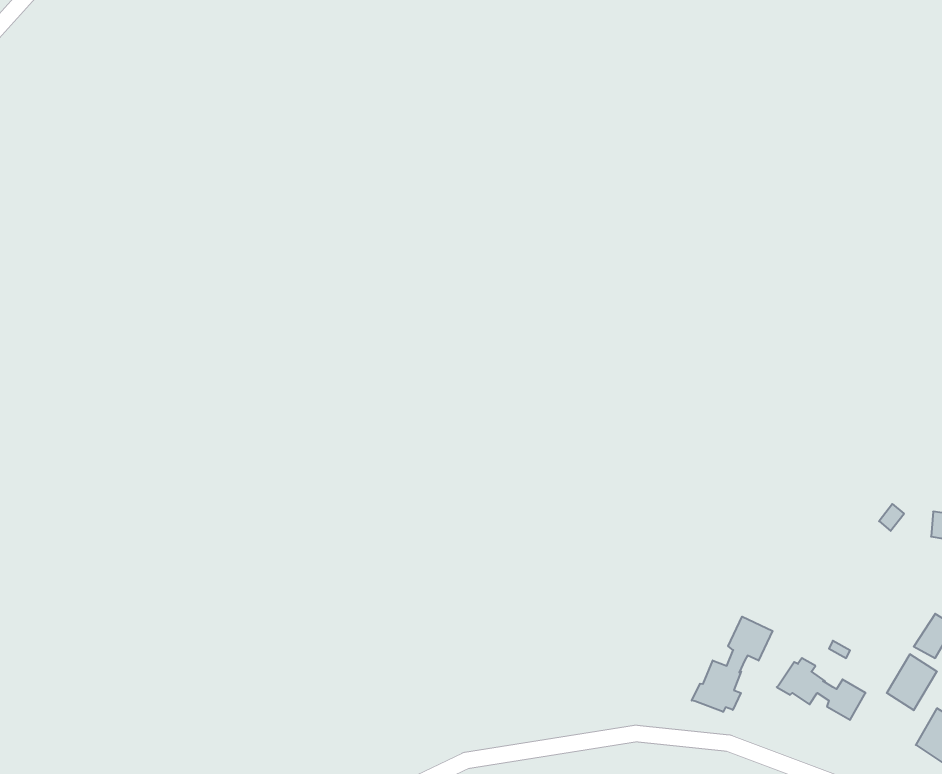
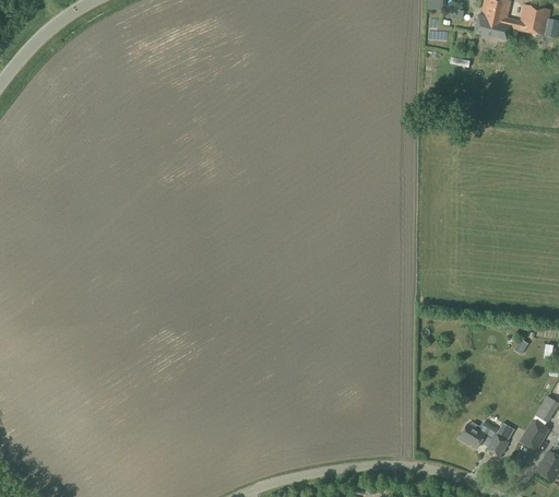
building: [692,617,773,712] -> none

